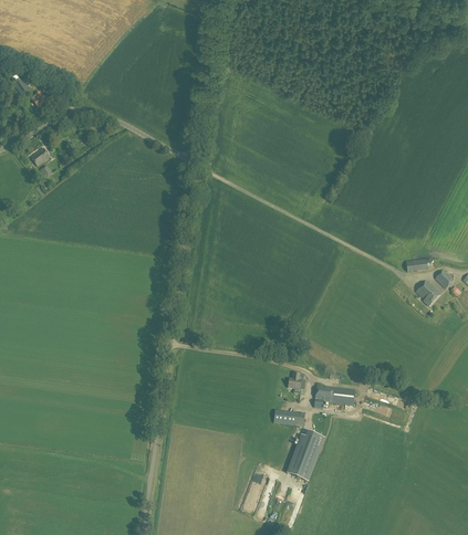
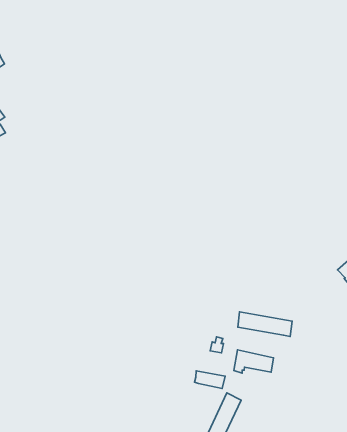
building: none -> [238,312,292,336]

